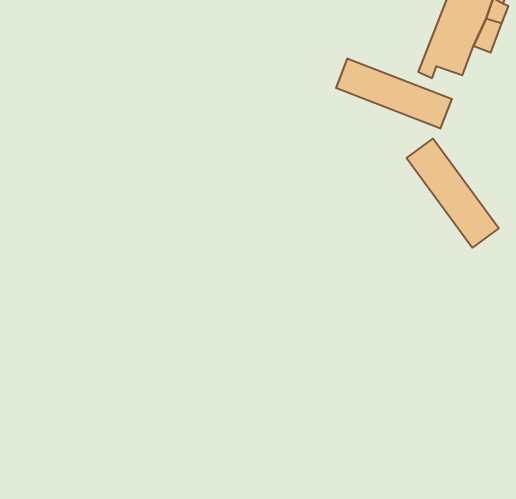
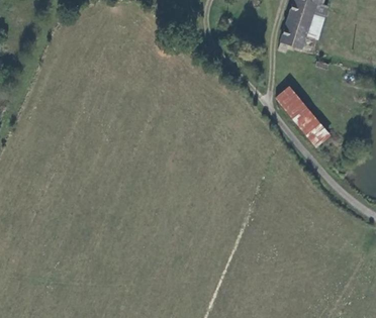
building: [336,58,452,129] -> none

